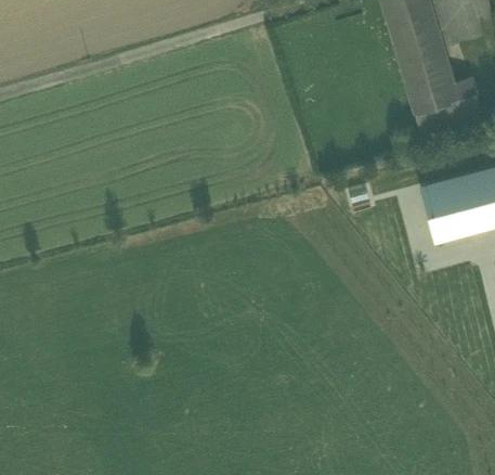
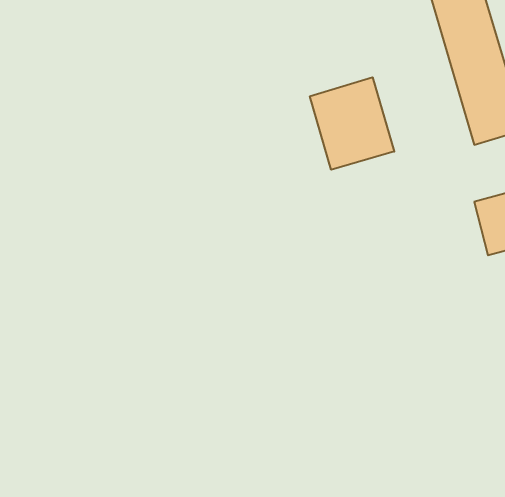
building: none -> [310,77,394,170]

